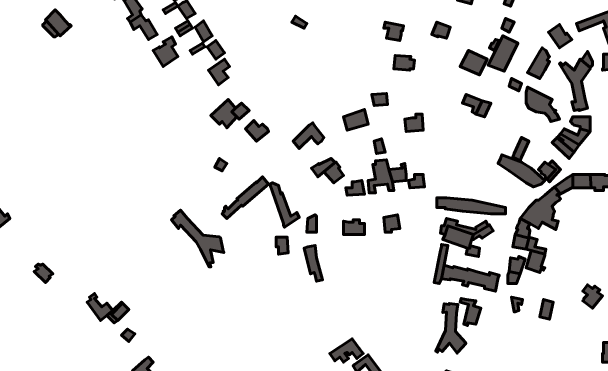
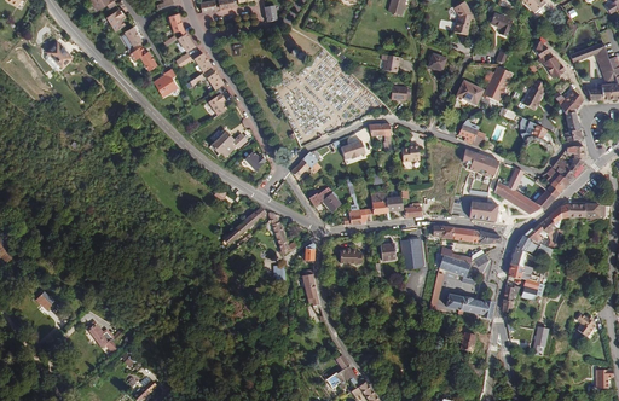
building: none -> [461,149,499,179]
building: none -> [468,200,499,223]
building: none -> [400,238,423,269]
building: [172,210,224,267] -> none
building: [436,303,466,353] -> none

